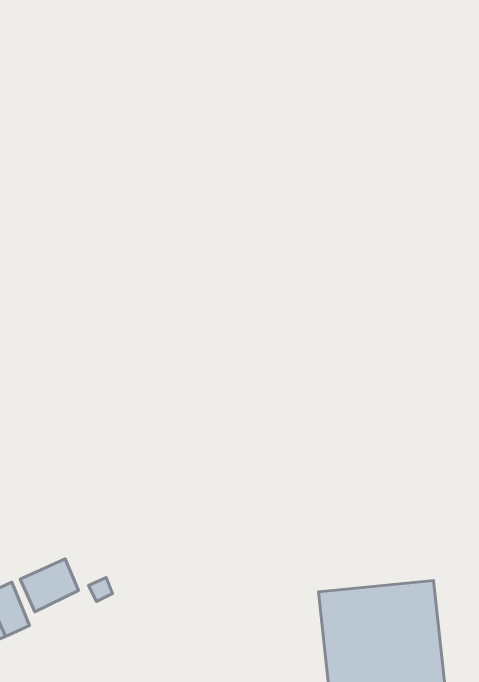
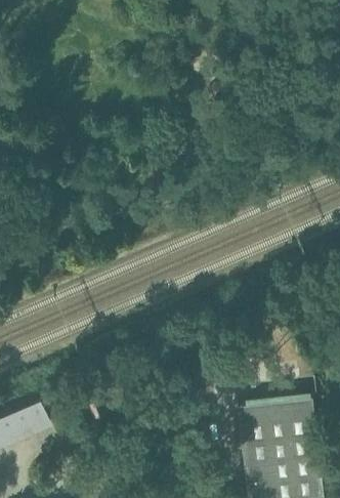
building: [20,559,79,612] -> none

